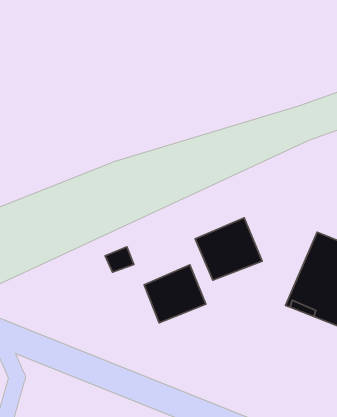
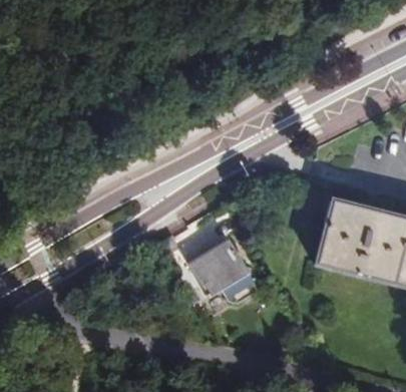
building: [195,218,262,280] -> none

